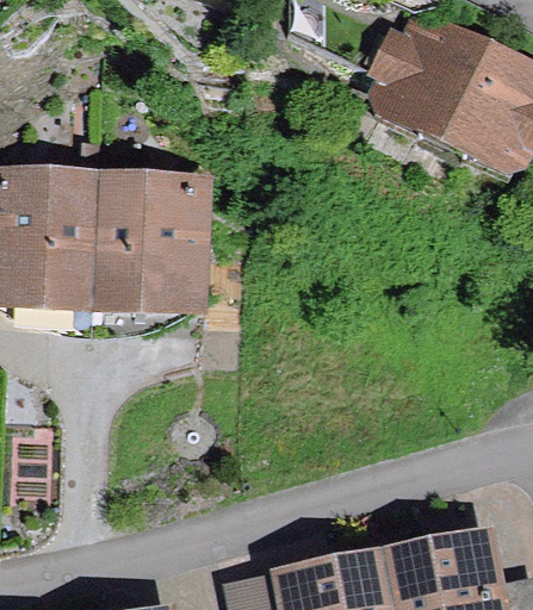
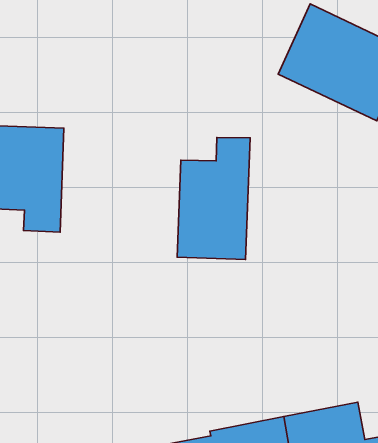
building: [92,176,194,315] -> none
building: none -> [177,137,250,259]

